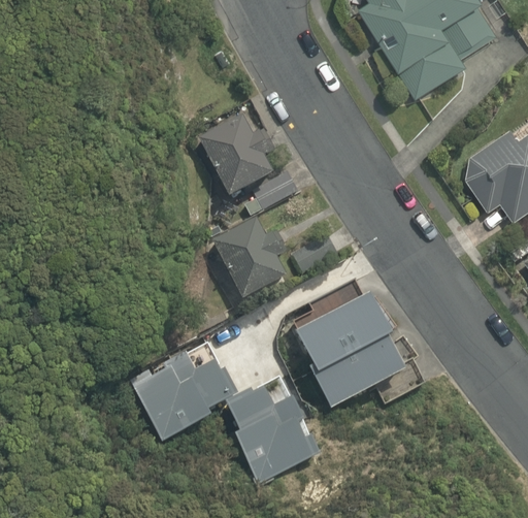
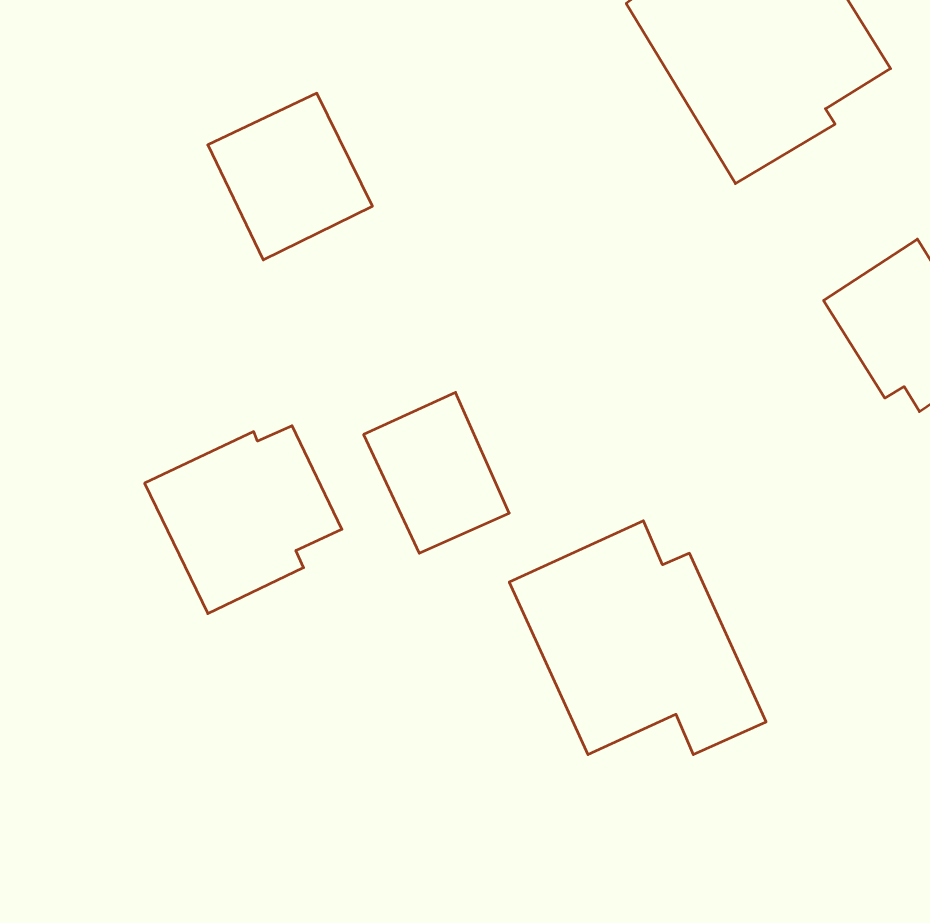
building: [195,106,284,196] -> [208,93,372,260]
building: [126,341,232,442] -> [145,426,342,614]
building: [231,386,322,486] -> none

